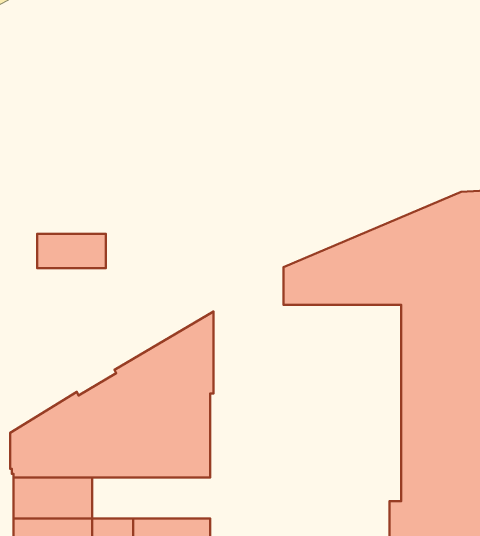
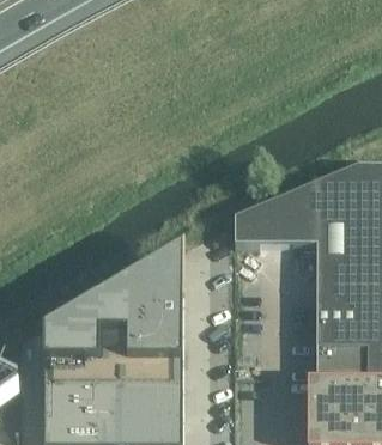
building: [37,234,106,268] -> none
building: none -> [101,362,183,391]

